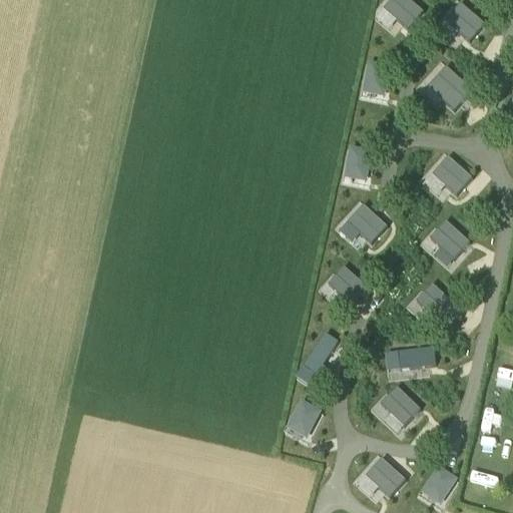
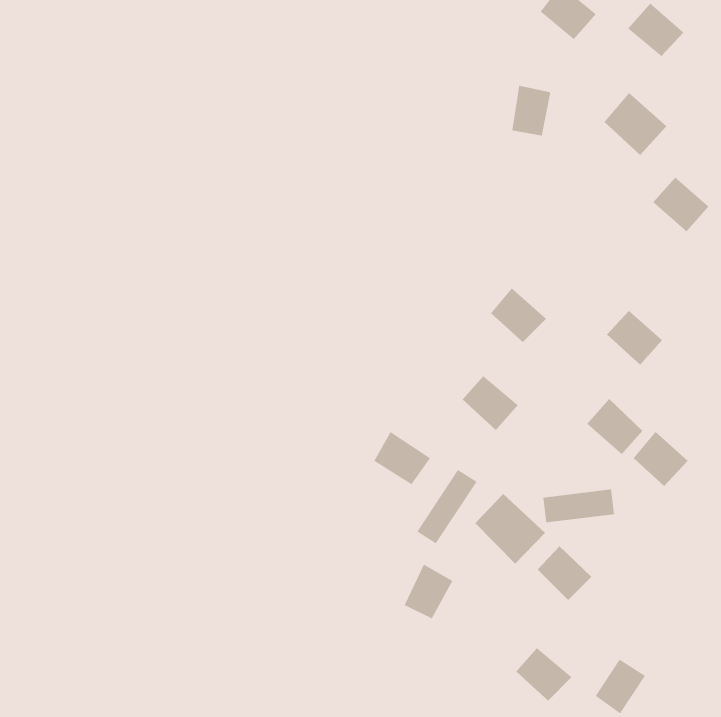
building: [343,146,372,181] -> none
building: [431,155,471,194] -> [653,177,709,232]
building: none -> [373,431,431,485]
building: none -> [633,431,688,487]
building: none -> [474,493,546,565]

